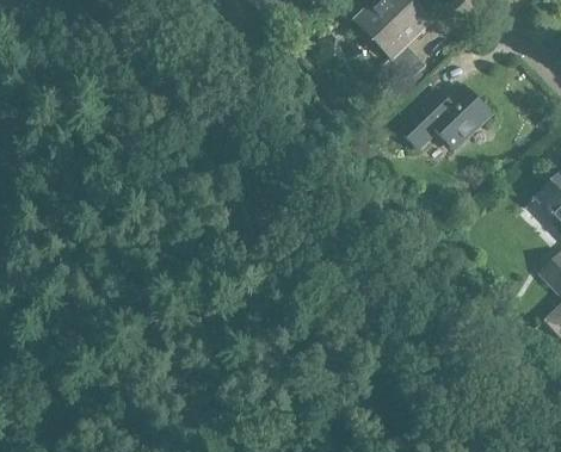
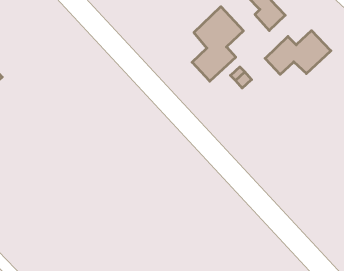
building: none -> [192,7,243,81]

